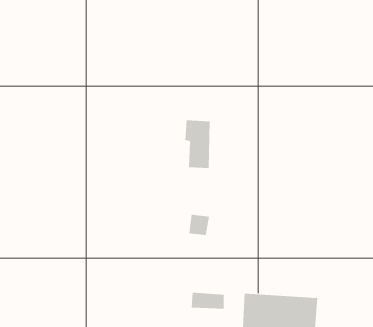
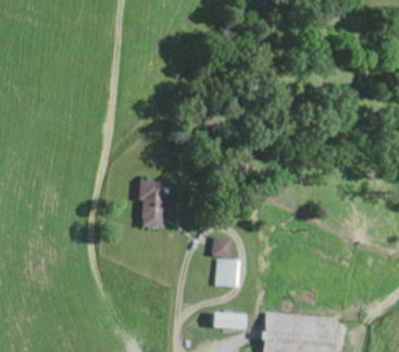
building: [185,120,211,168] -> [139,180,164,227]
building: none -> [216,259,240,287]

